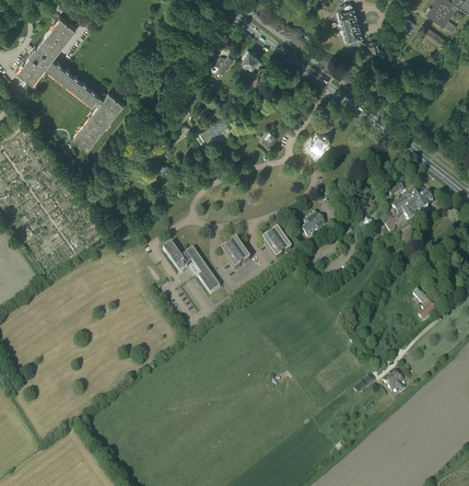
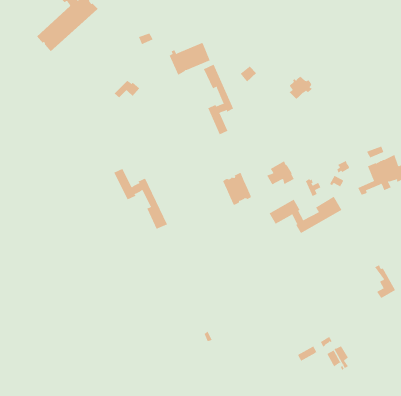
building: none -> [203,64,234,135]
building: none -> [269,196,342,234]
building: [221,240,249,270] -> none

